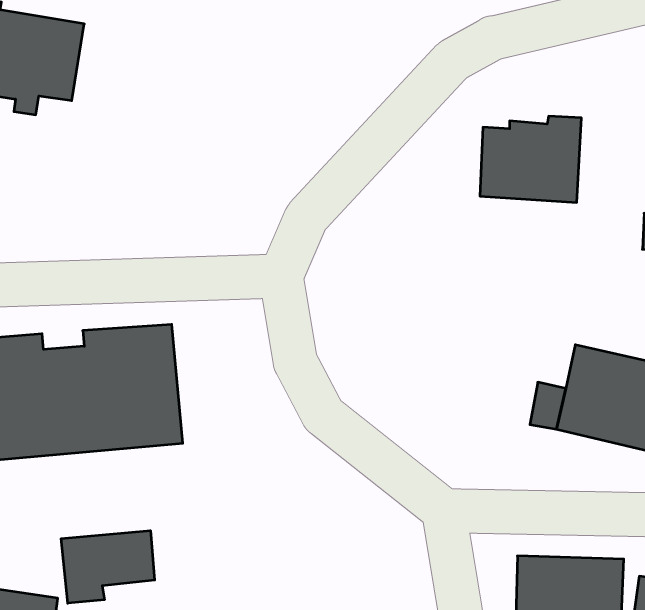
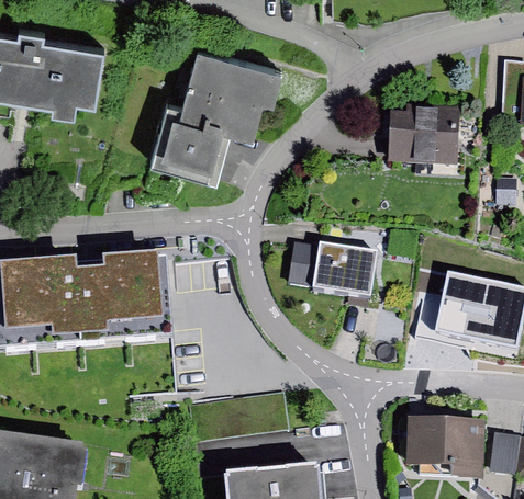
building: none -> [143,47,274,182]
building: none -> [285,242,376,298]
building: [61,531,155,603] -> none

